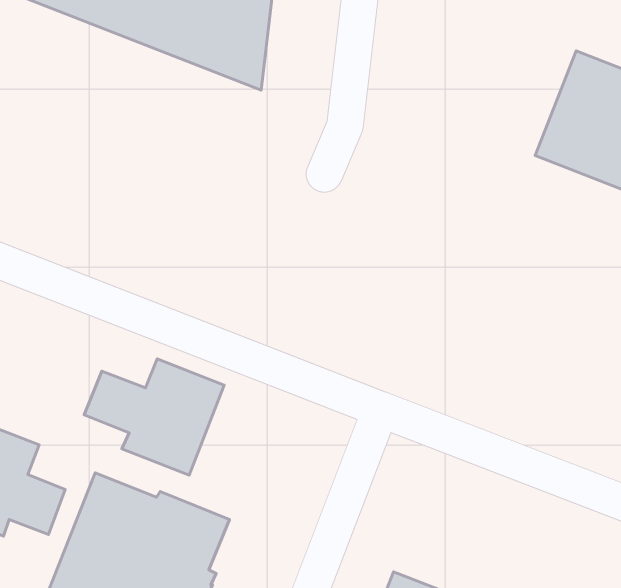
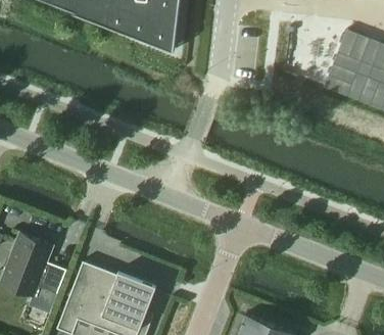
building: [84,359,224,475] -> none

